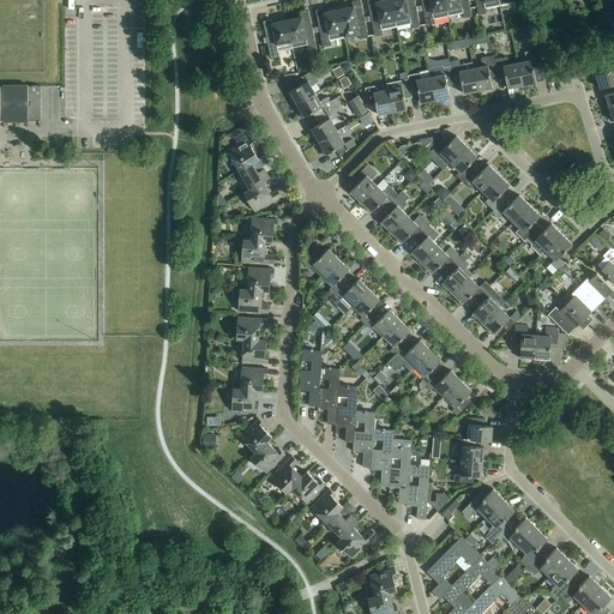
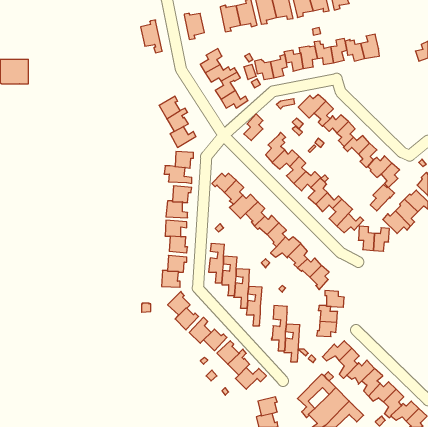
building: [287,10,318,56] -> [141,20,162,53]
building: [360,185,398,212] -> none
building: none -> [370,185,395,211]
building: [371,428,393,484] -> none

